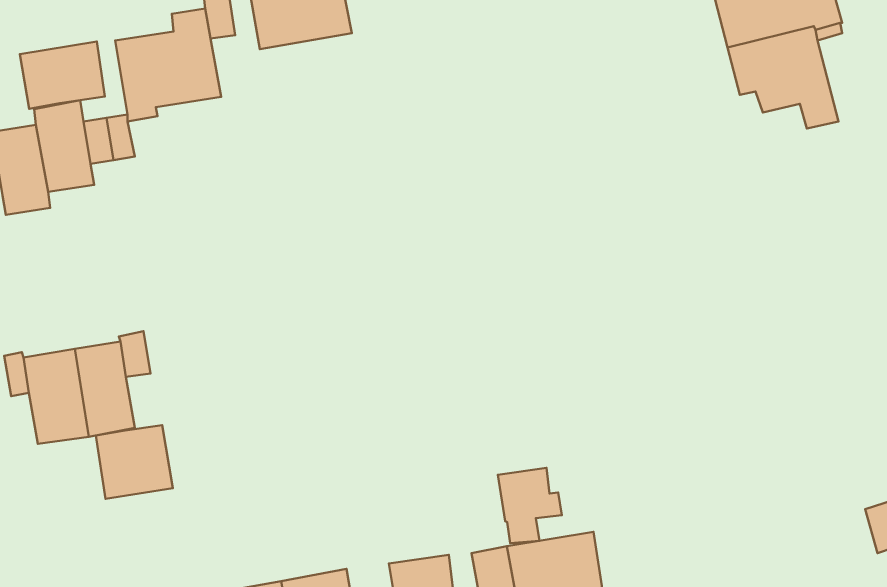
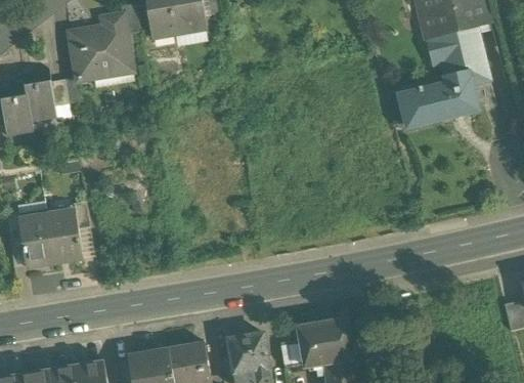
building: [20,41,105,109] -> none
building: none -> [399,70,476,126]
building: [96,425,173,499] -> none
building: [498,468,562,543] -> none

